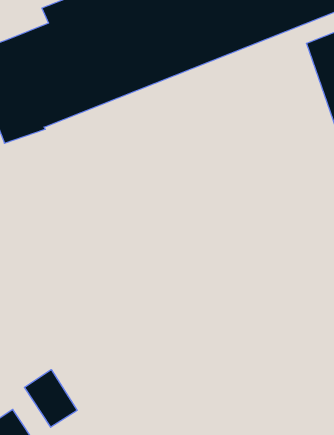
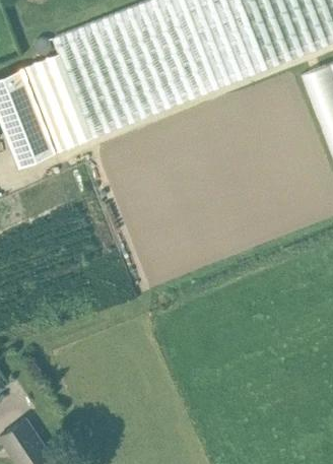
building: [24,370,77,427] -> none

